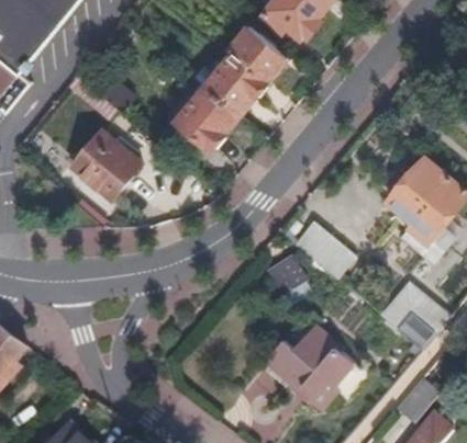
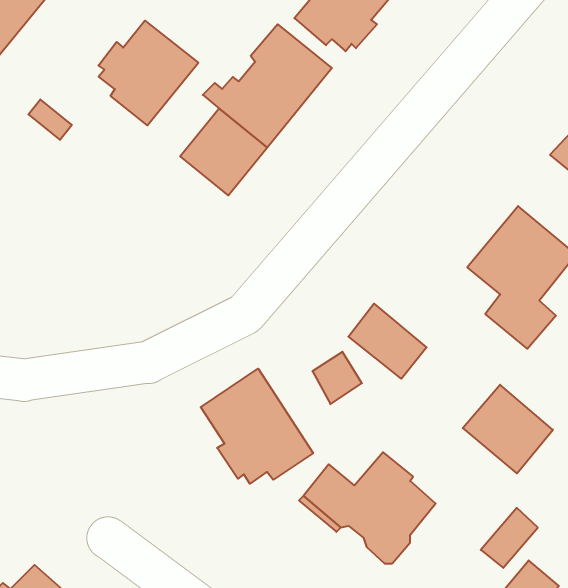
building: none -> [98,21,198,125]
building: [68,130,138,198] -> none
building: none -> [201,369,313,484]

